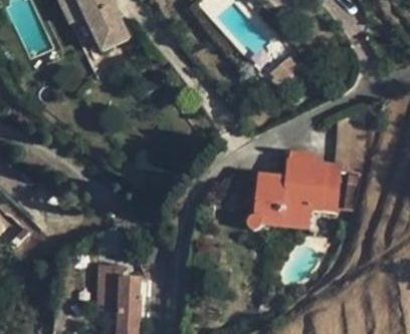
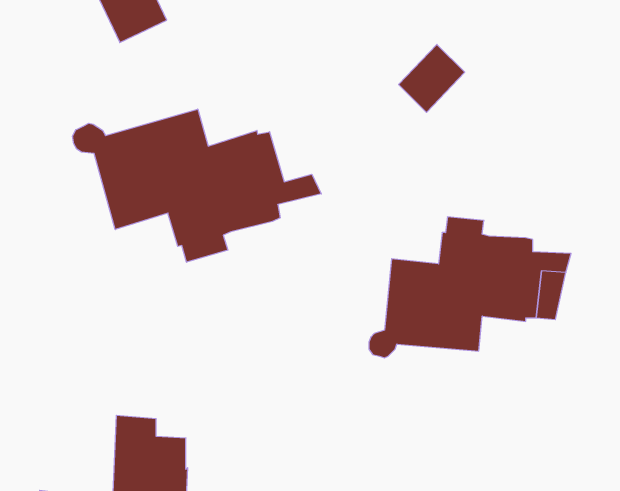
building: none -> [73,109,321,262]
building: [336,105,365,171] -> none

